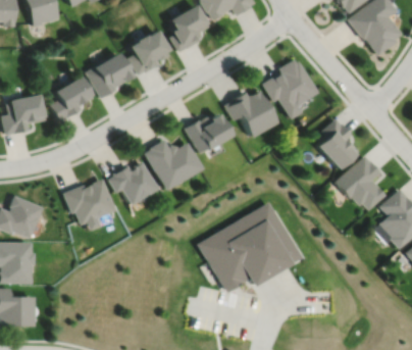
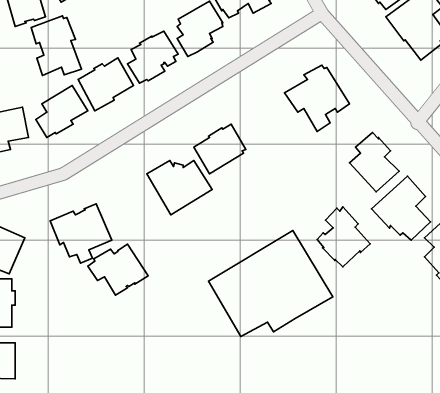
building: none -> [31,16,82,75]
building: [224,91,277,135] -> none
building: [109,160,160,203] -> [88,244,148,295]
building: none -> [317,207,370,267]

